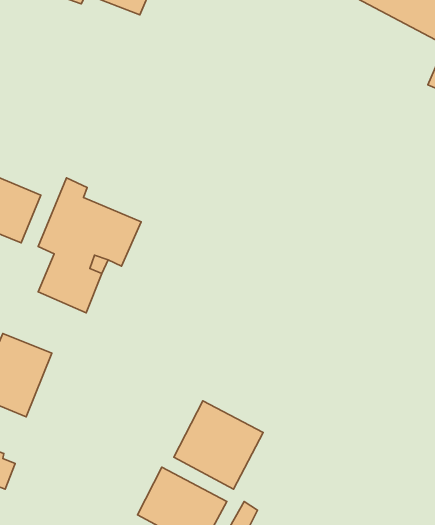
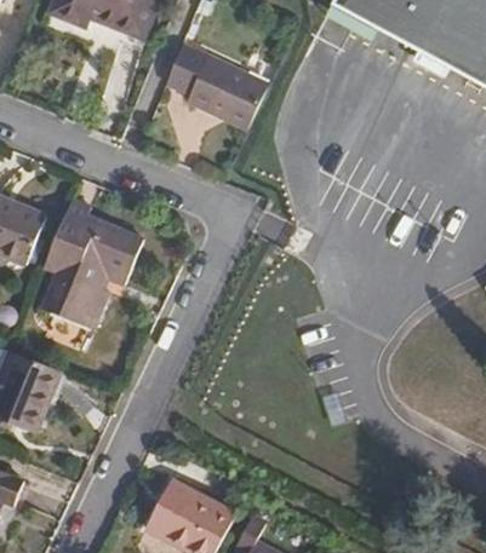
building: none -> [166,44,270,126]
building: [174,401,263,489] -> none

